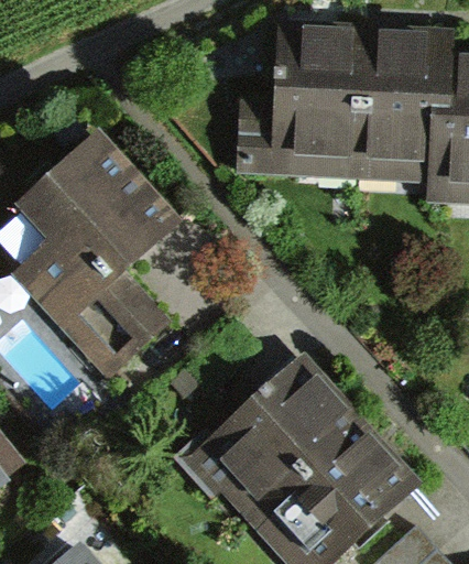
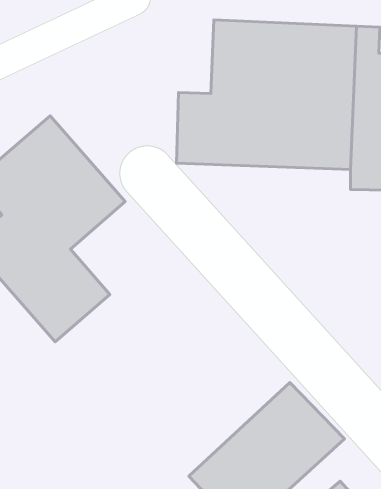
building: [178,356,361,521] -> none

